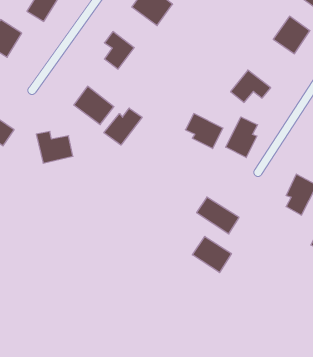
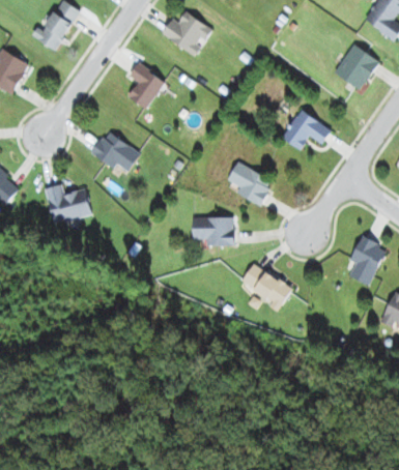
building: [104,108,142,145] -> none
building: [226,117,258,158] -> none
building: none -> [193,216,233,245]
building: [192,236,231,273] -> none

